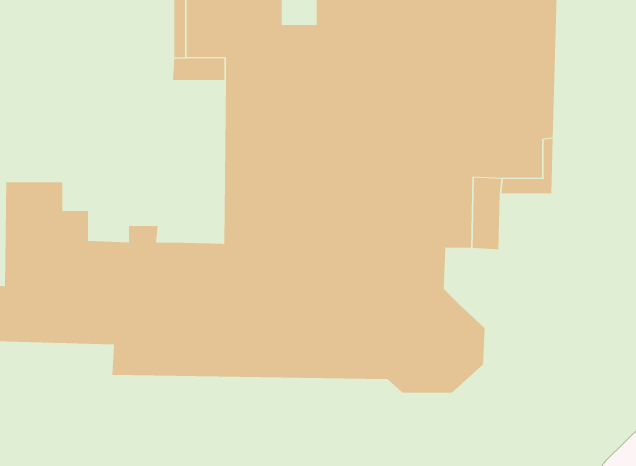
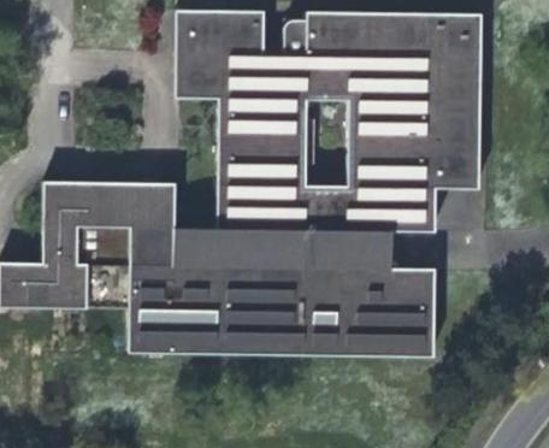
building: none -> [89,178,176,226]
building: none -> [128,276,437,361]

